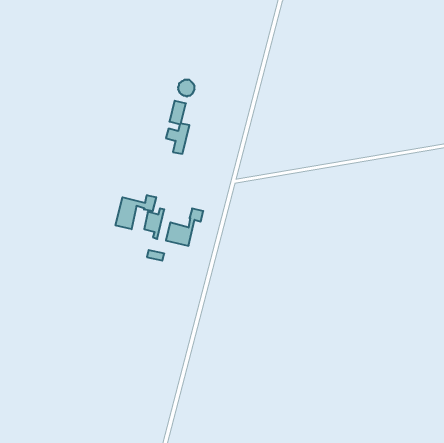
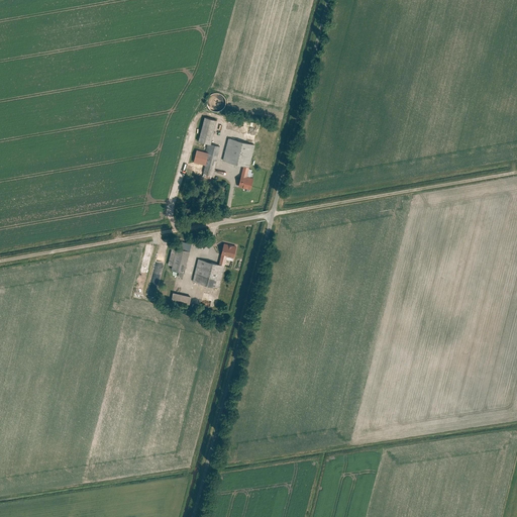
building: none -> [223,139,256,193]
building: [116,195,156,229] -> none

